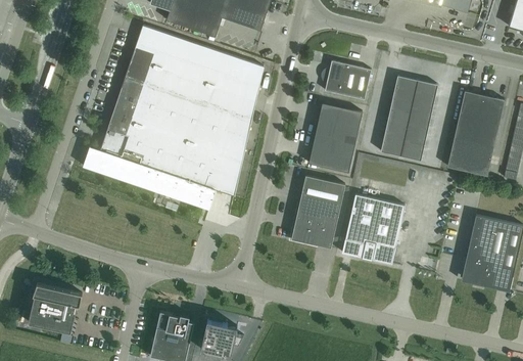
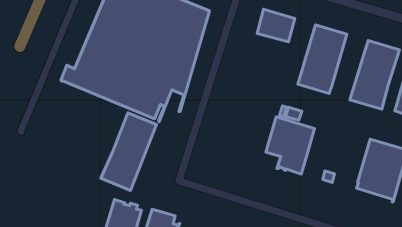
building: [308,102,363,173] -> none
building: [291,175,345,247] -> none
building: none -> [101,113,157,190]
building: [29,283,82,331] -> none

